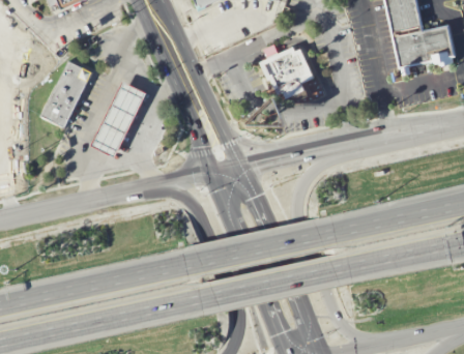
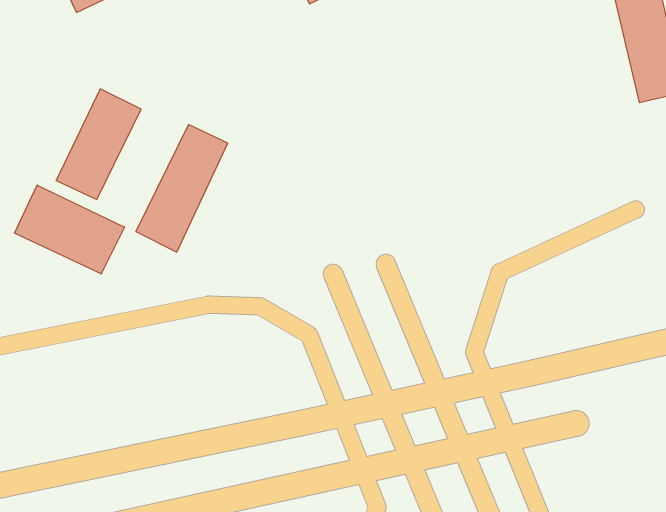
building: [258,46,314,93] -> none
building: none -> [15,185,125,274]

